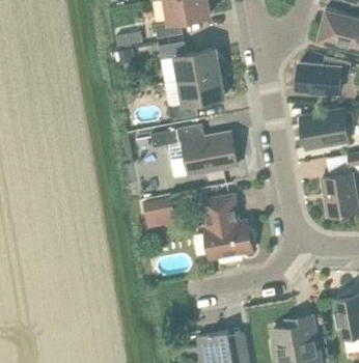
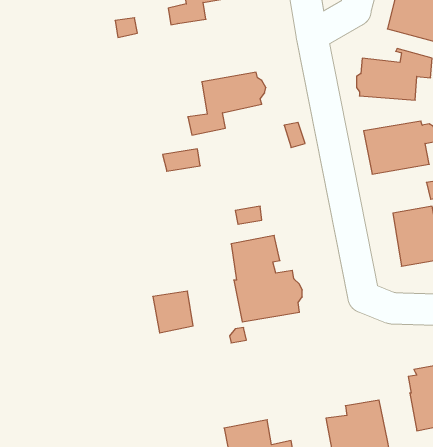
building: [159,41,222,80] -> none
building: [183,132,237,174] -> none
building: [144,197,174,228] -> [153,291,193,333]

